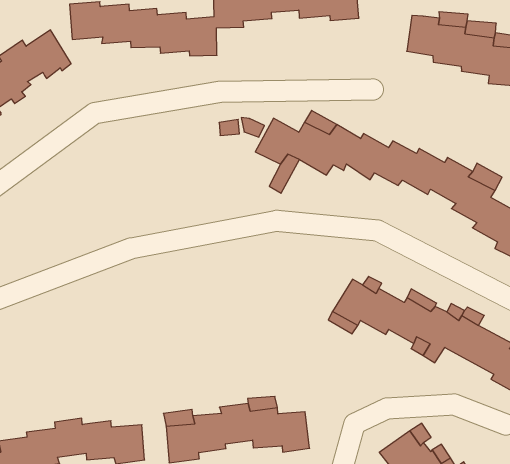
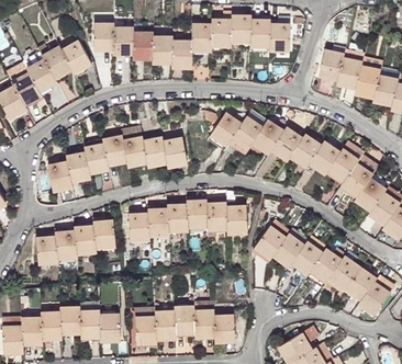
building: none -> [47,137,187,191]
building: none -> [129,200,246,241]
building: none -> [35,219,115,264]

